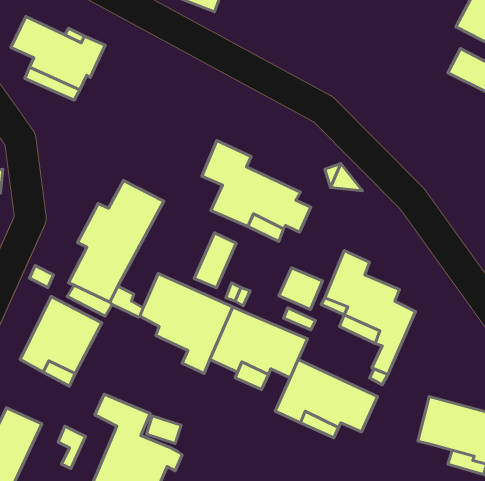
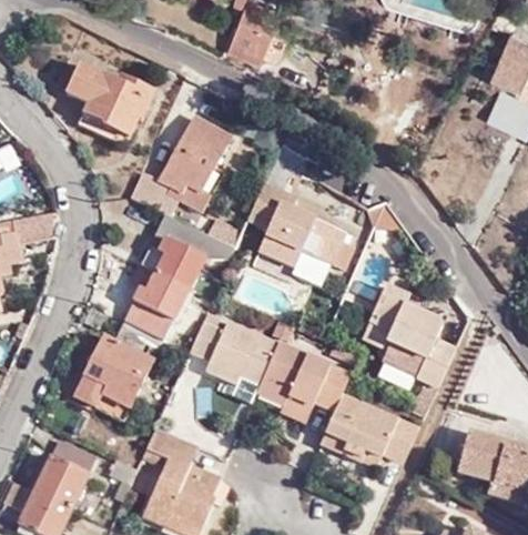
building: none -> [130,115,232,212]
building: [194,233,236,288] -> none
building: [279,268,323,310] -> none

